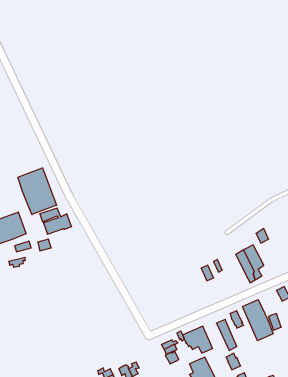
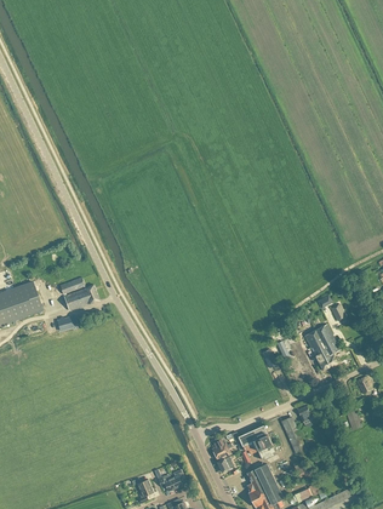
building: [18,168,57,215] -> none
building: [242,300,273,341] -> none

